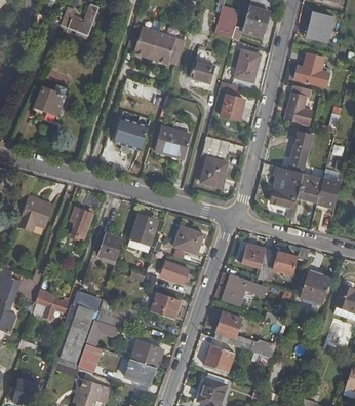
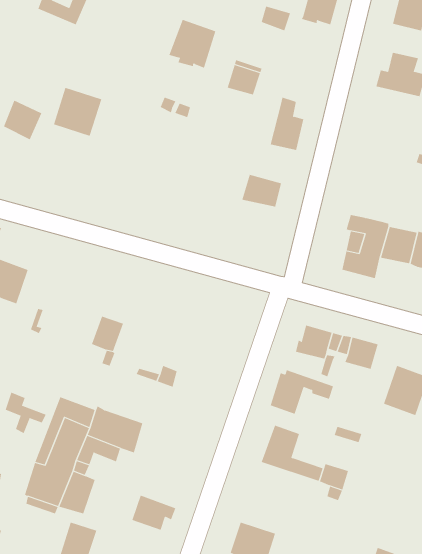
building: [127,24,160,57] -> none
building: [234,50,262,91] -> none
building: [283,84,312,125] -> none
building: [114,117,148,151] -> [53,87,102,136]
building: [156,126,188,156] -> none
building: [286,132,310,172] -> none
building: [201,160,227,189] -> none
building: [70,207,92,238] -> none
building: [125,216,155,250] -> none
building: [173,227,202,254] -> none
building: [160,261,189,285] -> none
building: [150,295,179,320] -> none
building: [131,341,163,369] -> none
building: [204,344,234,371] -> none

